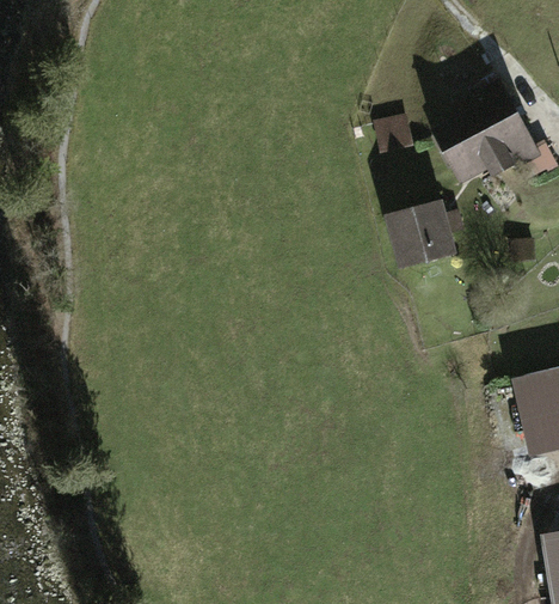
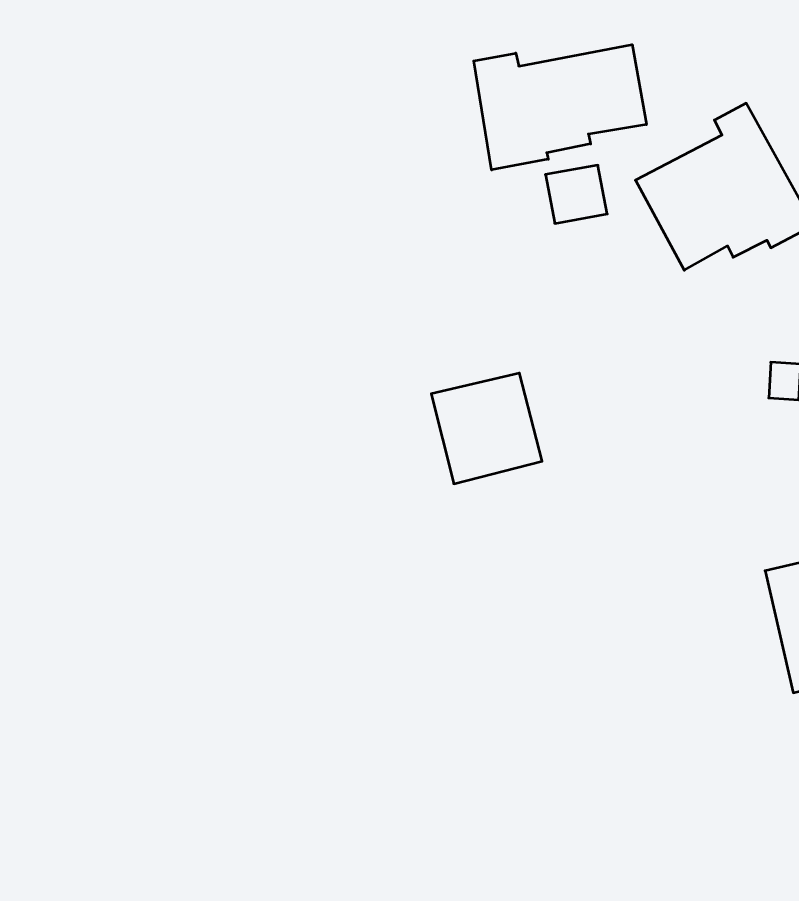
building: none -> [474,45,646,170]
building: [382,200,453,270] -> [431,373,542,484]

